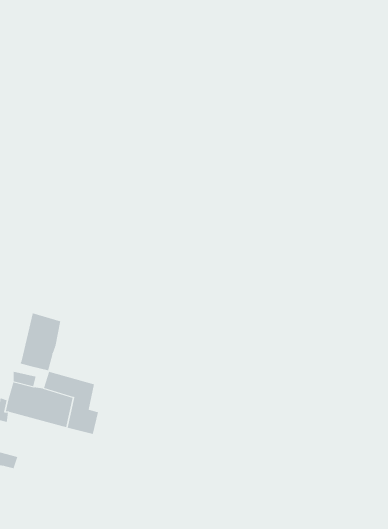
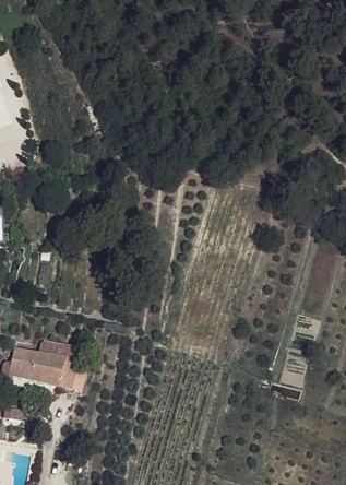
building: [19,313,61,371] -> none

